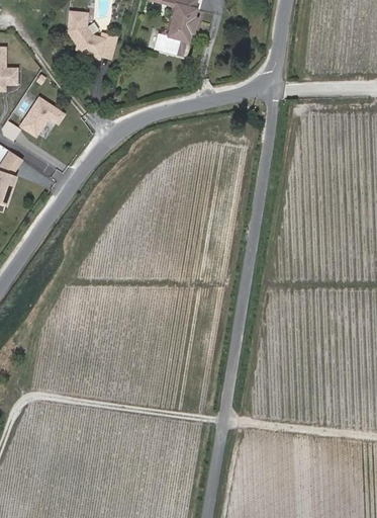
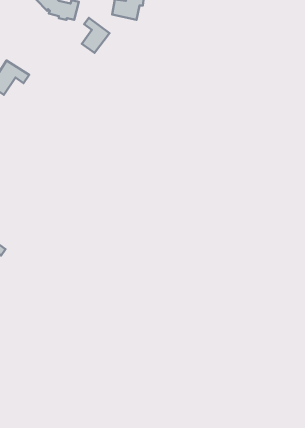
building: none -> [82,18,109,53]

